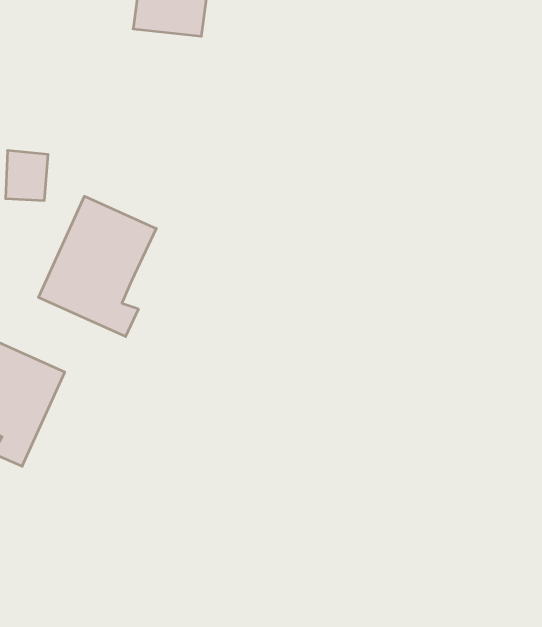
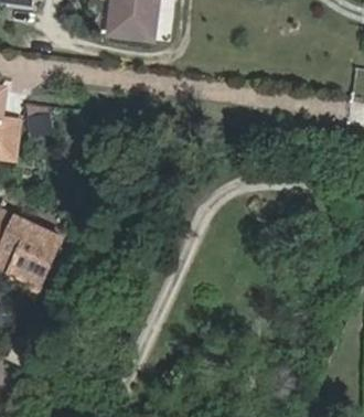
building: [38,196,156,337] -> none

